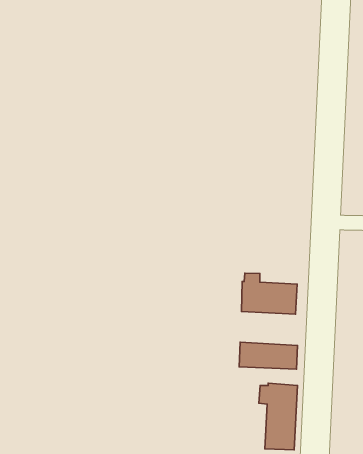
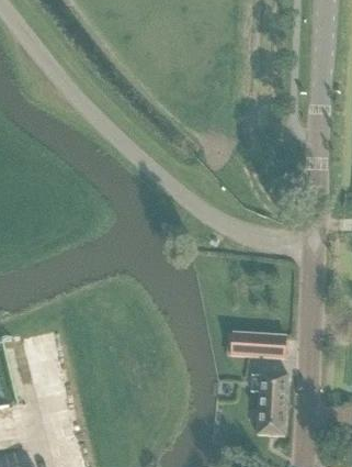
building: [241,273,297,314] -> none

